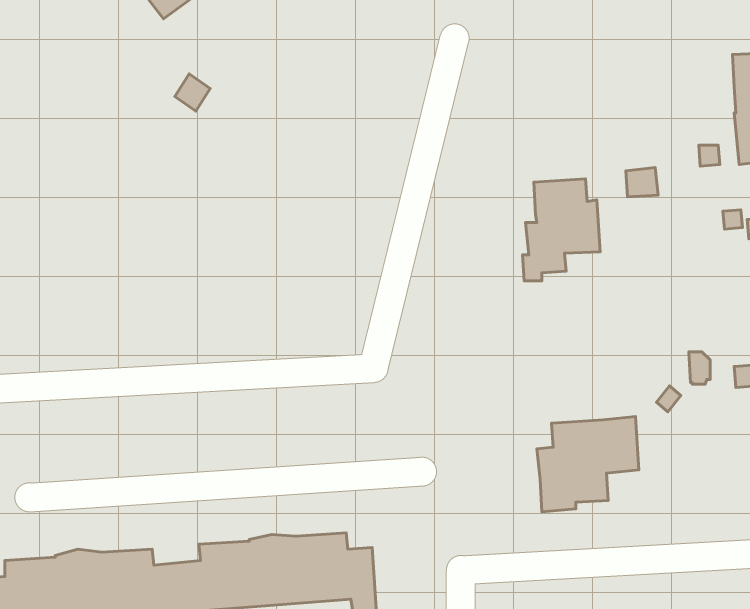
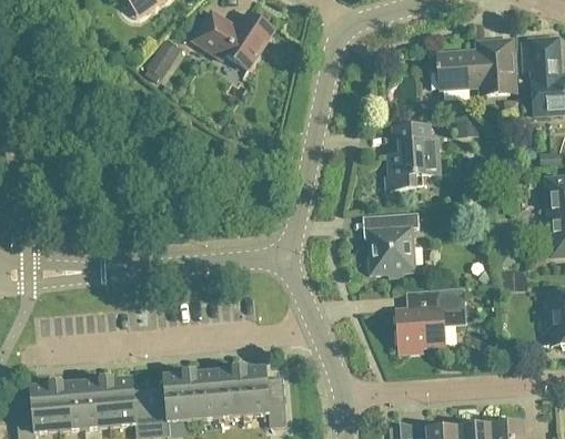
building: none -> [192,10,274,69]
building: none -> [437,39,515,94]
building: none -> [366,212,418,274]

